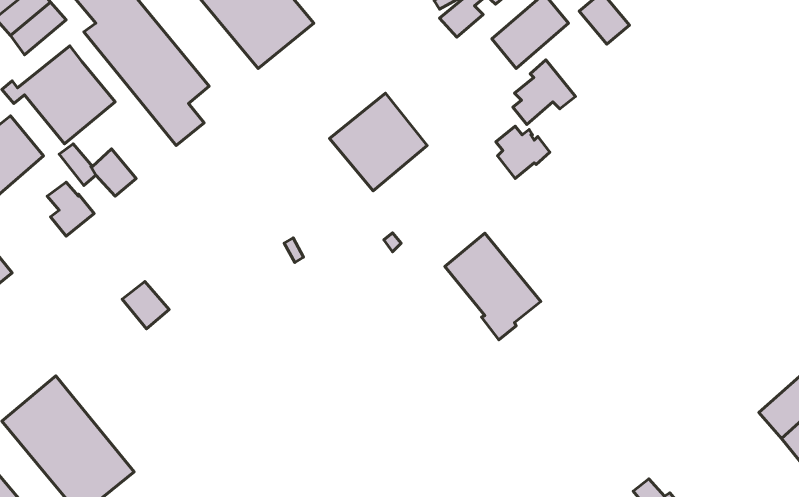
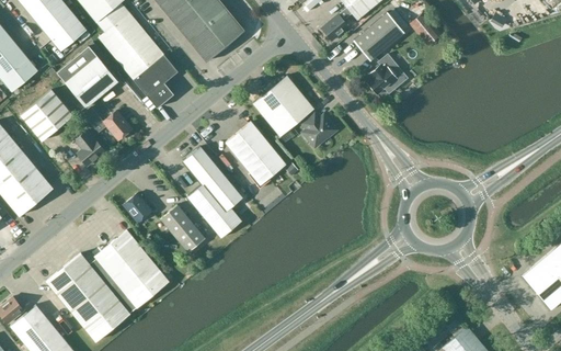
building: [496,126,550,178] -> [302,114,336,147]
building: none -> [182,147,241,238]
building: [445,233,541,340] -> [225,122,285,189]
building: none -> [159,205,204,253]
building: none -> [90,231,168,314]

